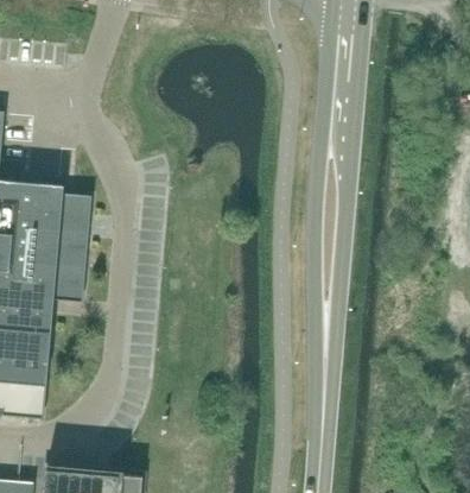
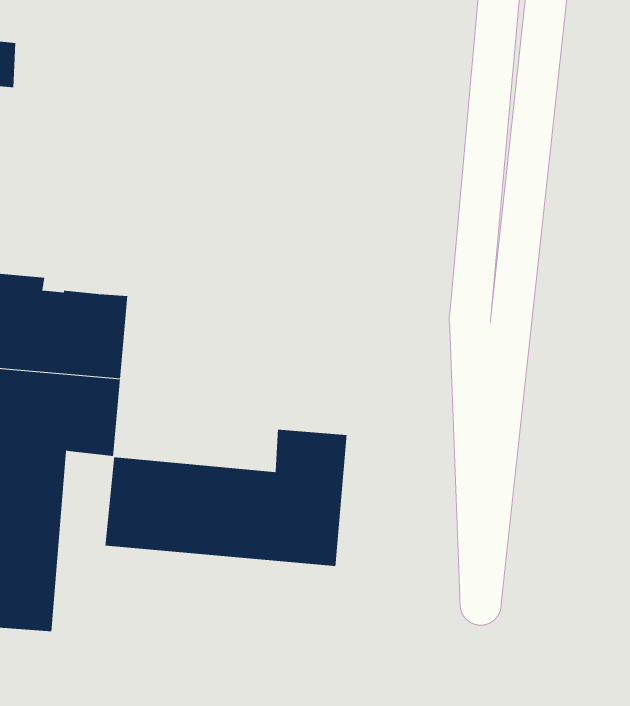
building: none -> [105,429,347,567]

